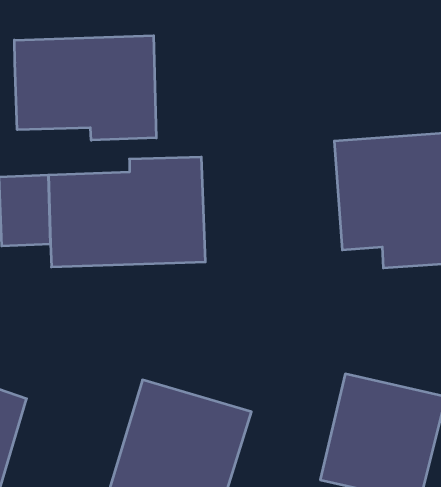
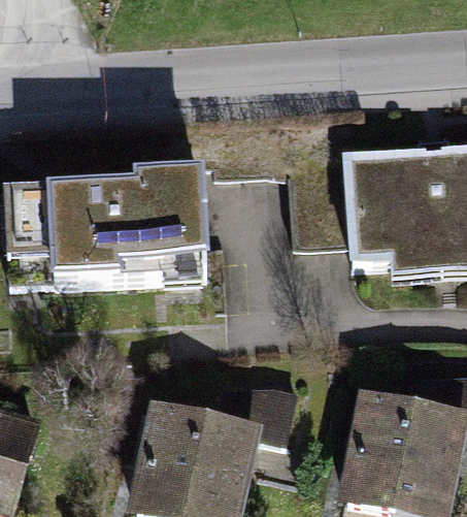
building: [14,36,156,140] -> none

